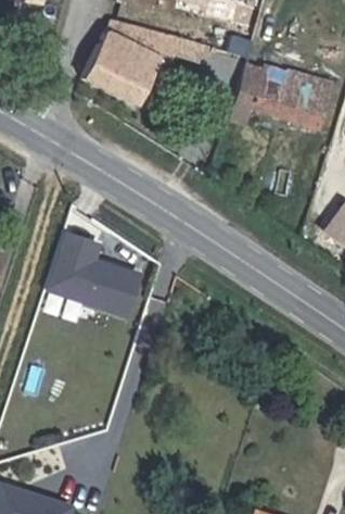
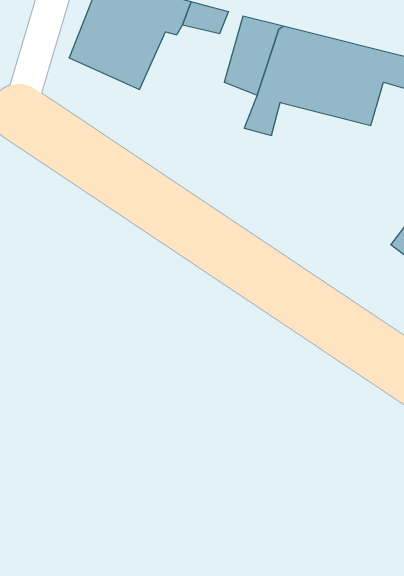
building: [50,227,144,315] -> none

